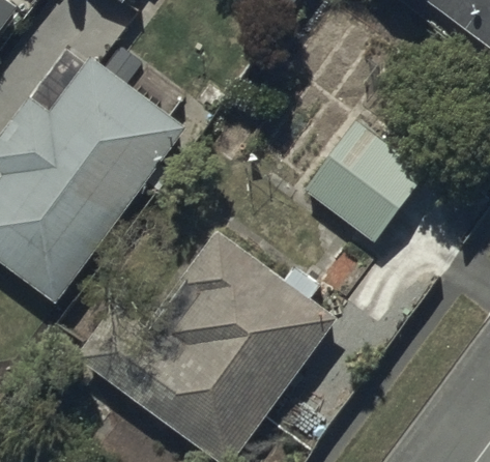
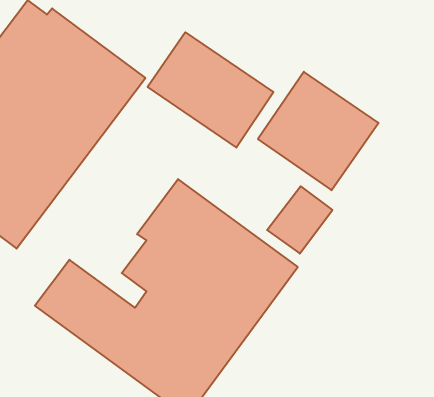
building: none -> [148,32,273,148]

